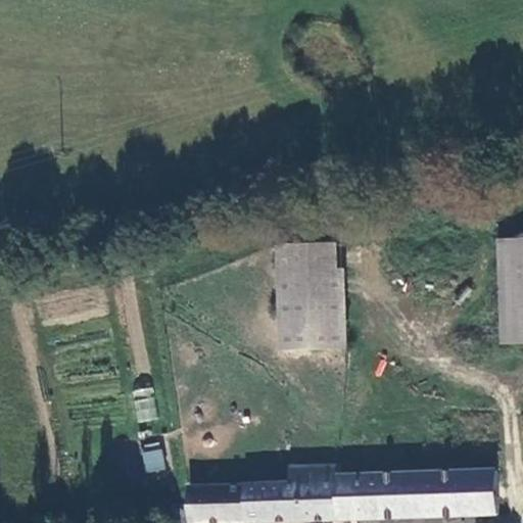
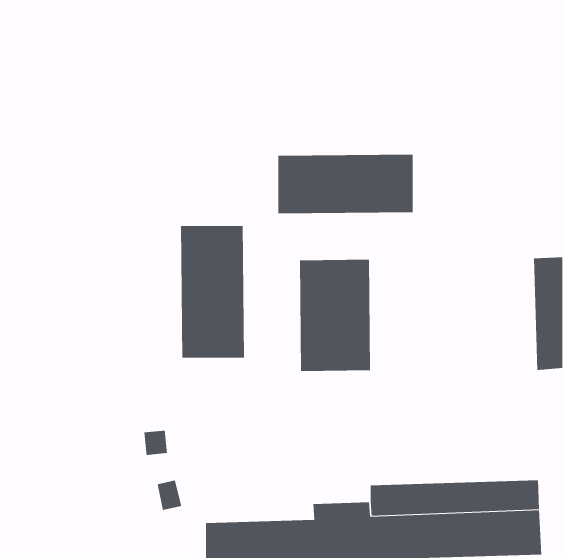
building: none -> [278,154,413,214]
building: none -> [181,225,244,358]

